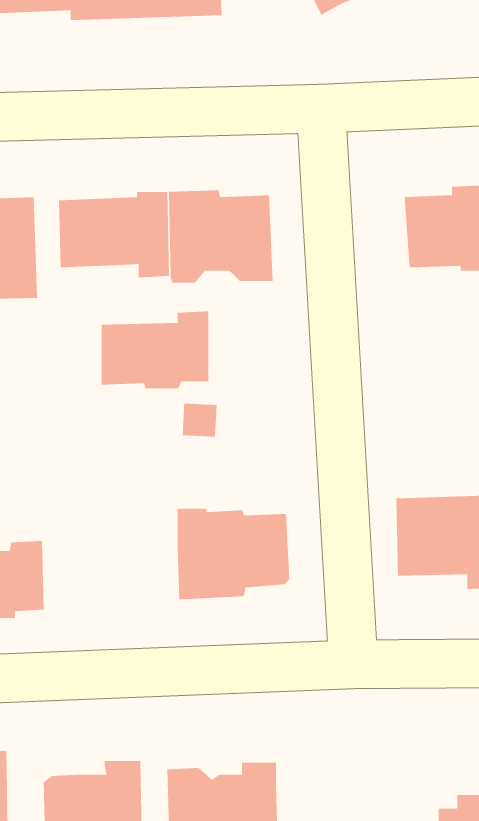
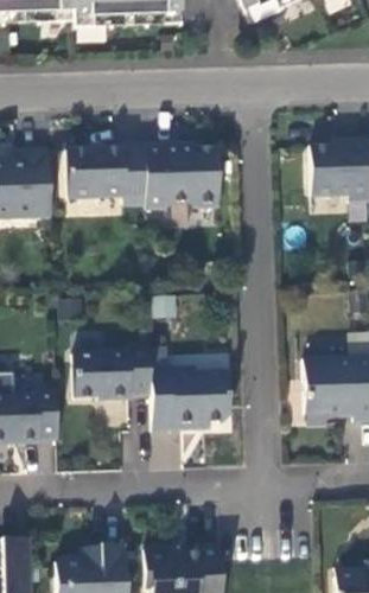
building: [101,311,209,389] -> [75,344,151,398]

